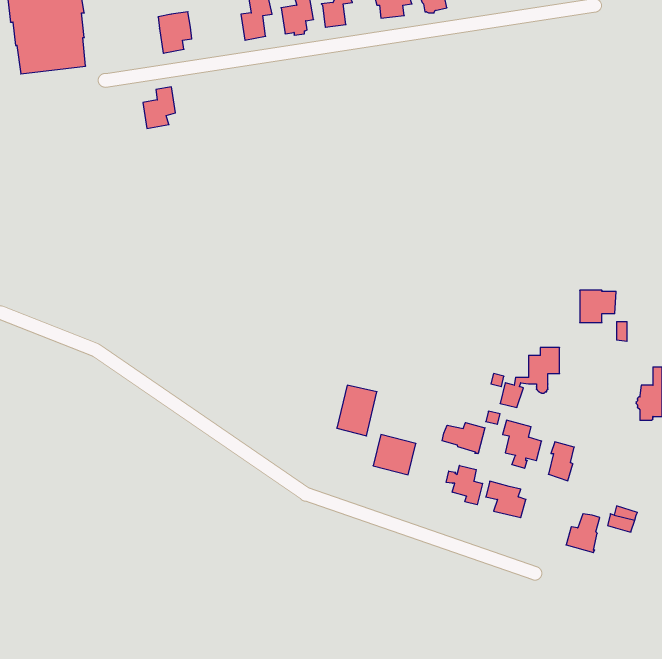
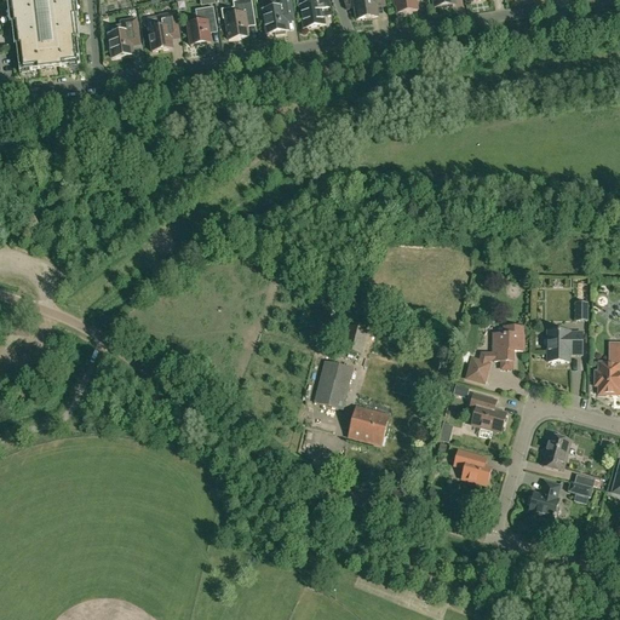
building: none -> [188,5,216,44]
building: [143,87,175,128] -> [109,17,139,56]
building: [580,290,616,323] -> [549,329,582,360]
building: [442,423,485,454] -> none
building: [548,442,574,481] -> [544,434,568,470]
building: [446,465,483,505] -> none

